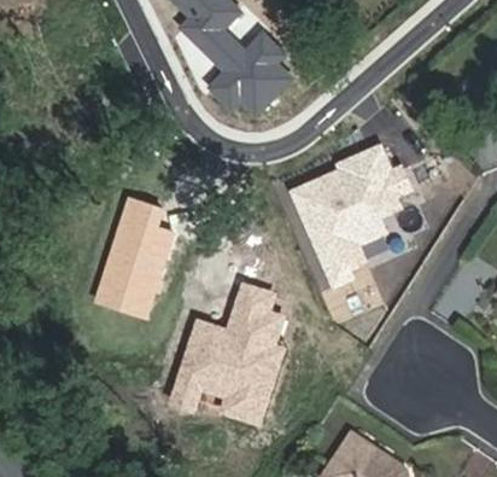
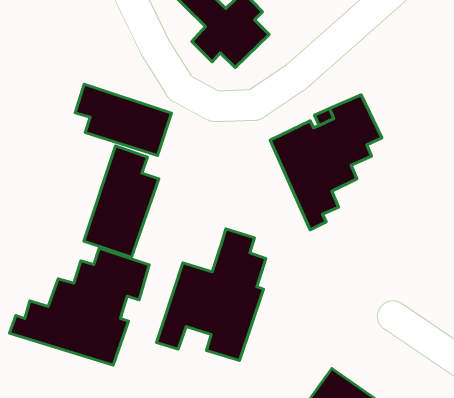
building: none -> [75,84,172,156]
building: none -> [9,248,149,365]

